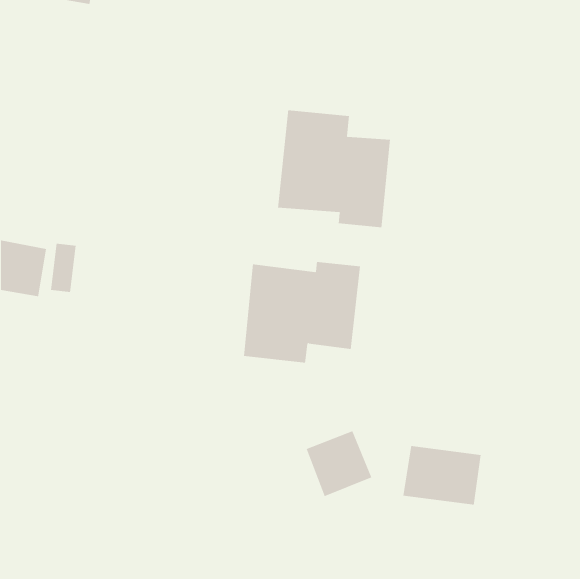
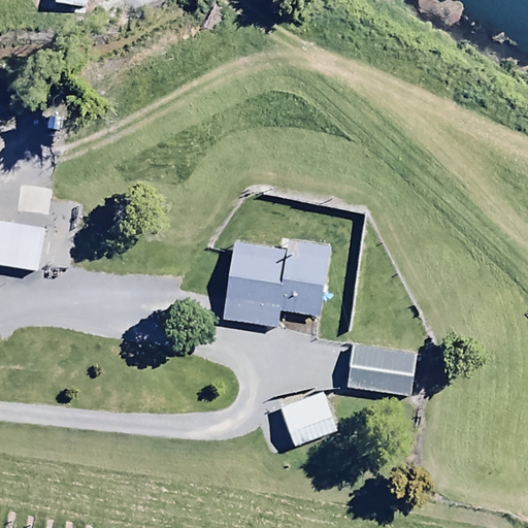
building: [277,110,390,228] -> none
building: [403,446,481,505] -> [345,343,417,397]

